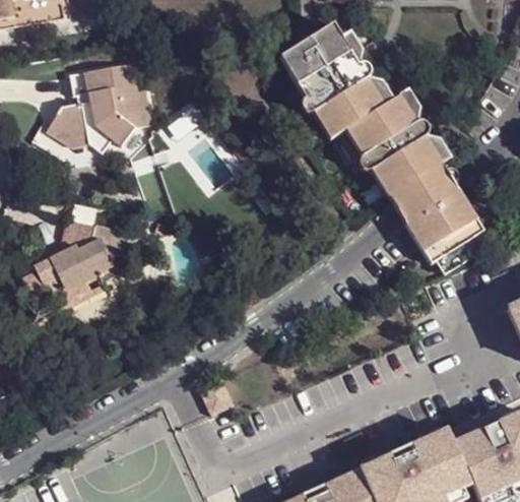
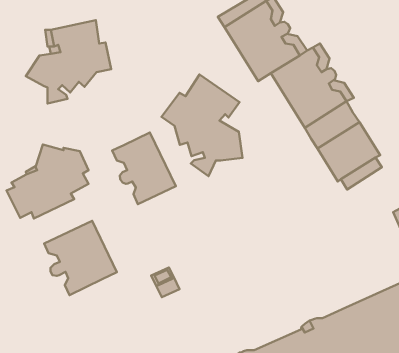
building: none -> [162,75,243,176]
building: none -> [112,132,176,204]
building: none -> [44,221,117,295]

